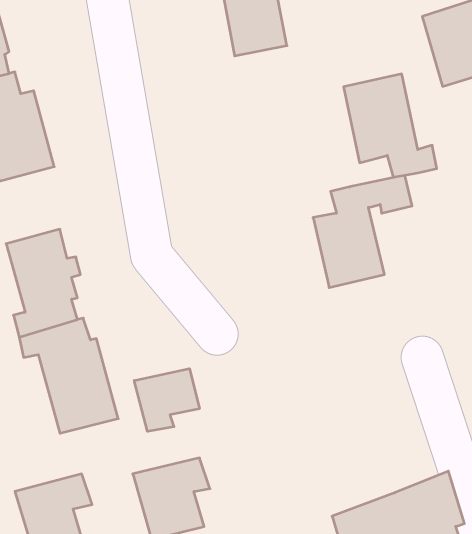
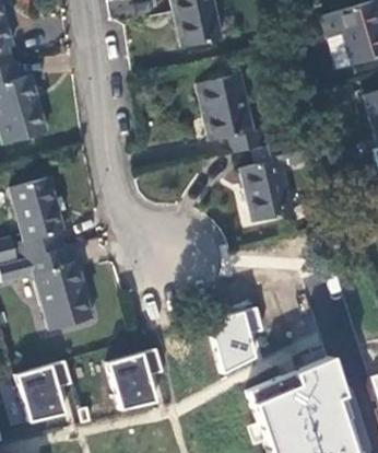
building: [344,74,437,177] -> [196,74,265,152]
building: [134,369,199,431] -> none
building: none -> [204,307,261,374]

